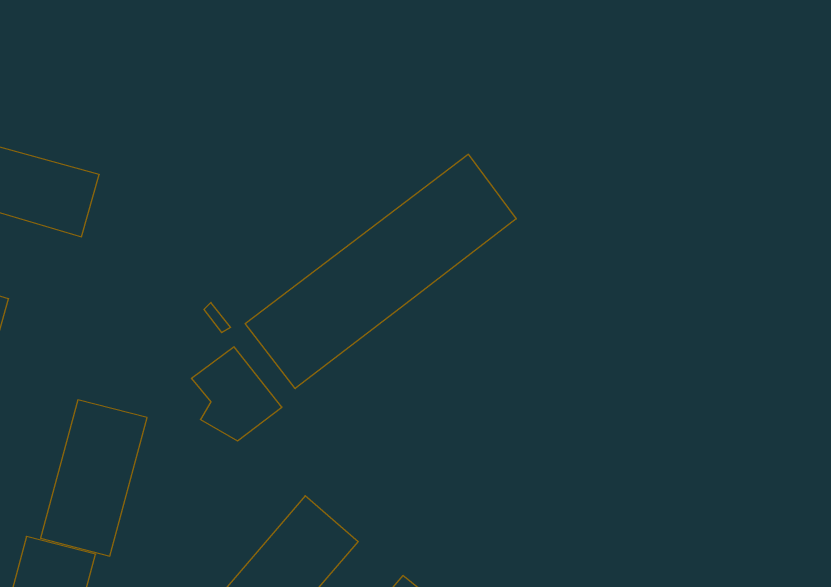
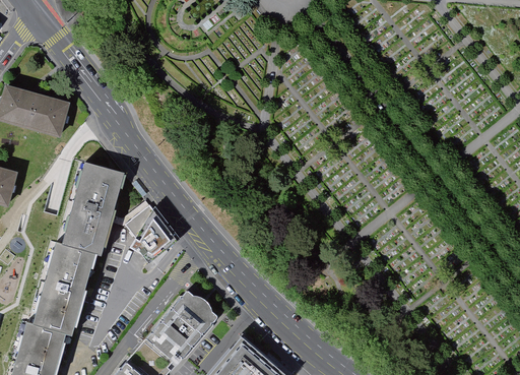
building: [245,154,516,389] -> none
building: none -> [65,164,123,248]

